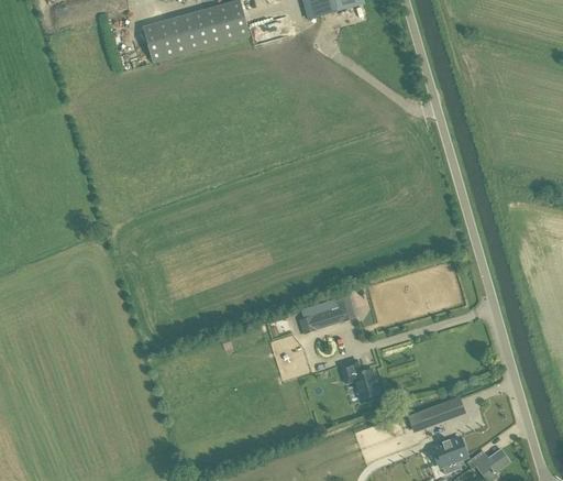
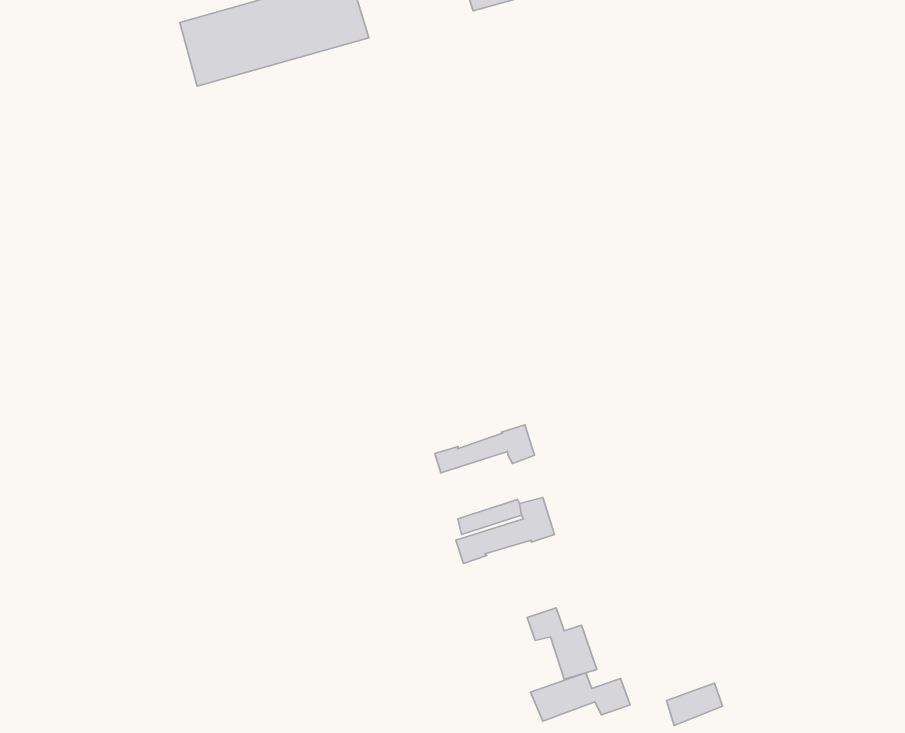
building: none -> [435,425,534,473]
building: none -> [531,673,630,721]

